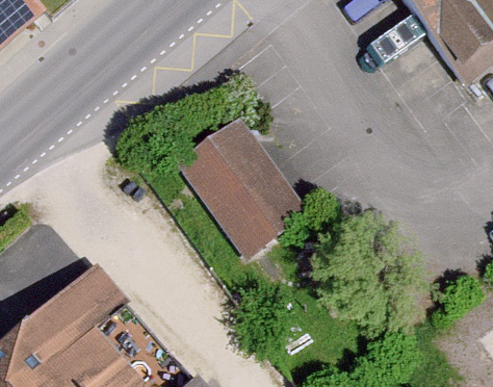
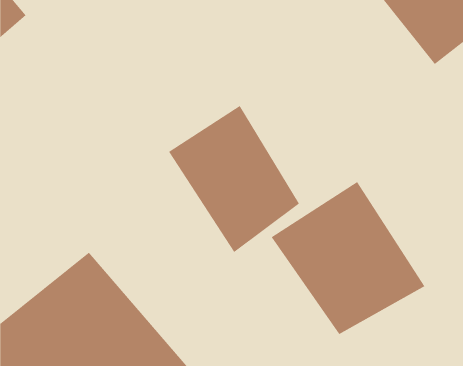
building: none -> [271,181,425,335]

